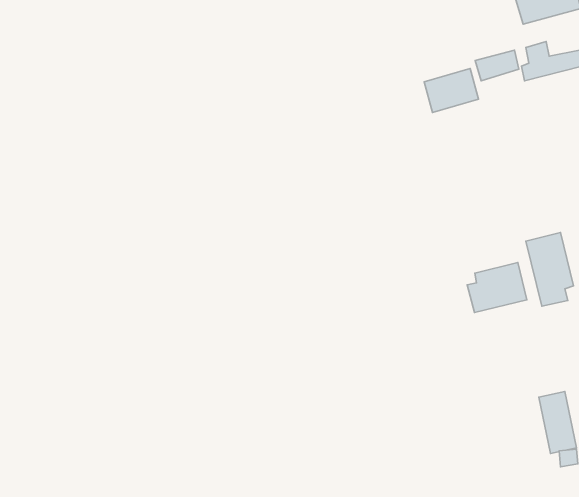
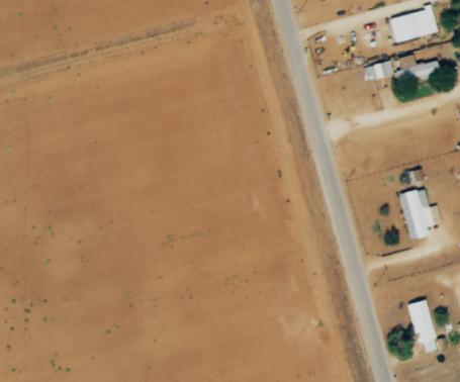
building: [424,69,479,112] -> none
building: [467,263,527,313] -> none

